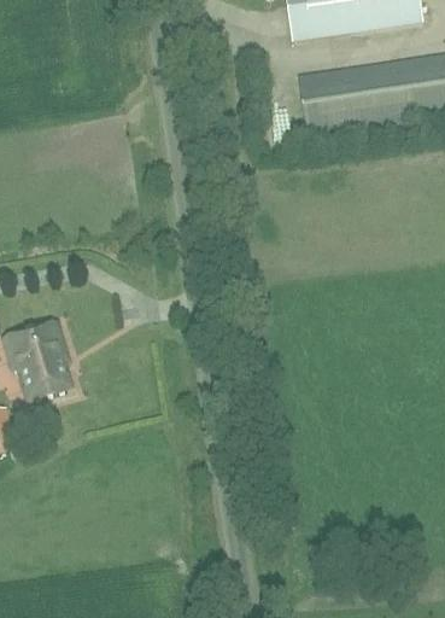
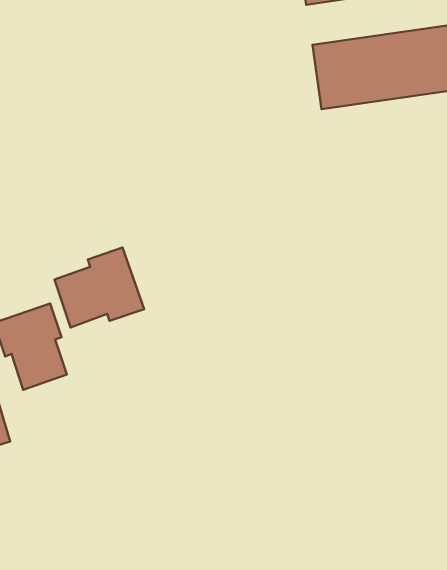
building: none -> [54,248,144,327]

